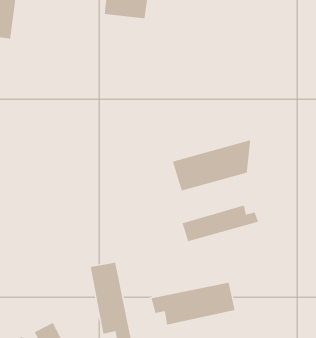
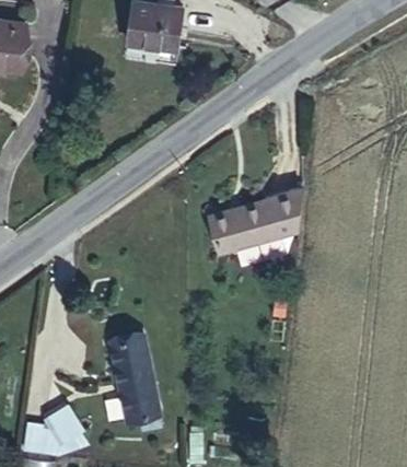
building: [182,204,259,242] -> none
building: [150,282,235,326] -> none

